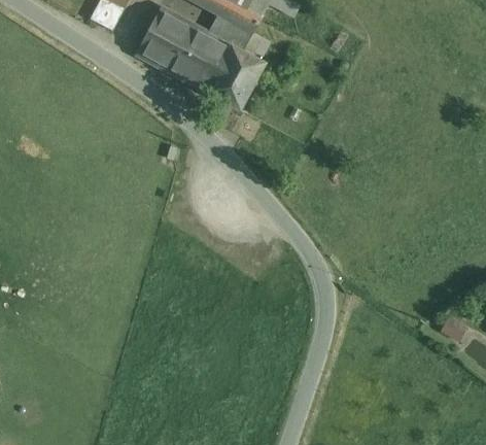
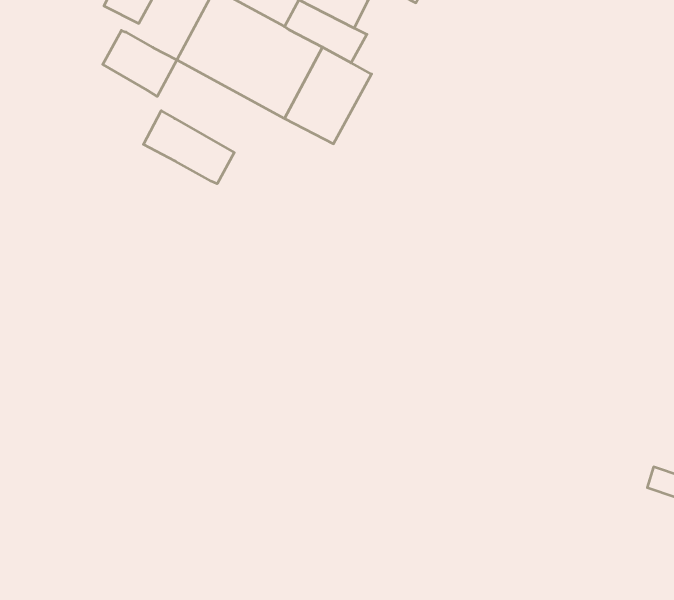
building: none -> [103,30,177,96]
building: none -> [143,111,234,184]

